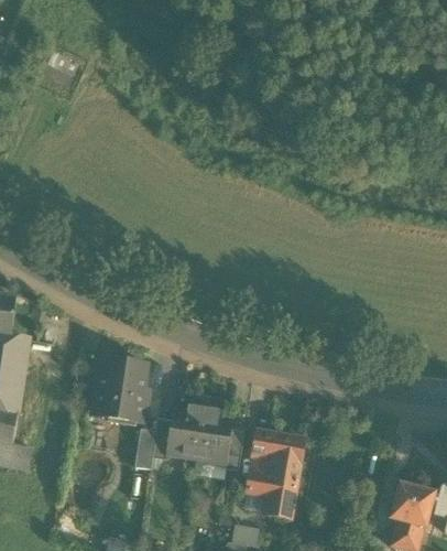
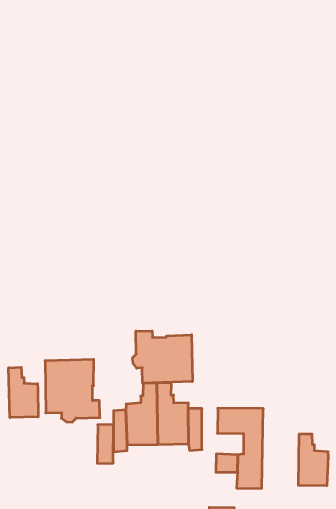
building: none -> [133,331,192,383]
building: none -> [9,367,38,418]
building: none -> [298,434,328,486]

